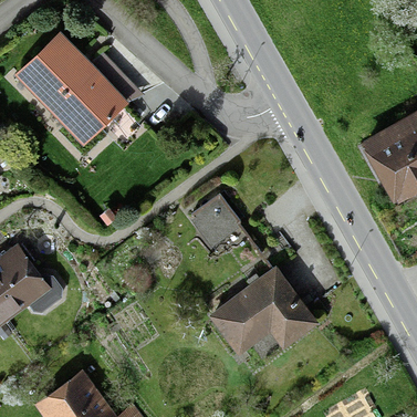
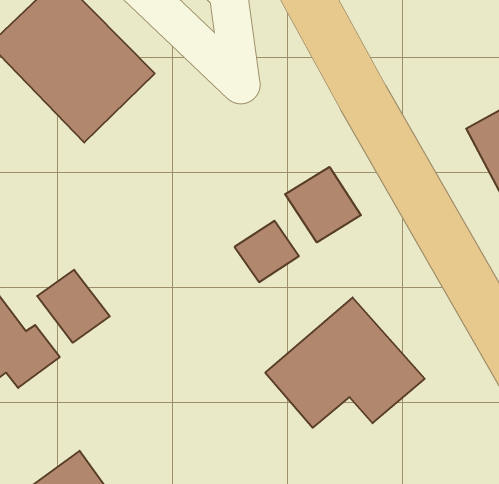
building: none -> [285,167,361,242]
building: none -> [37,270,110,343]

